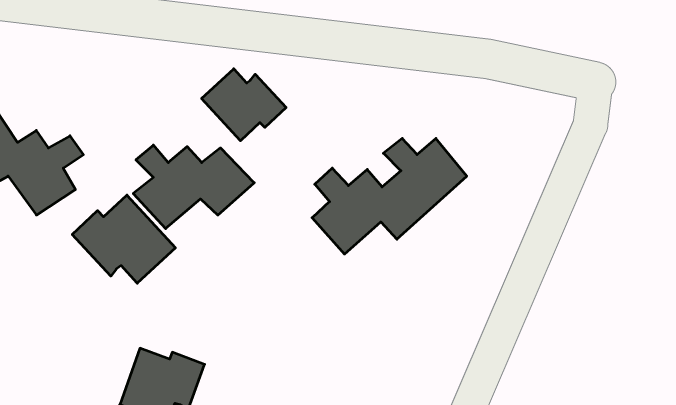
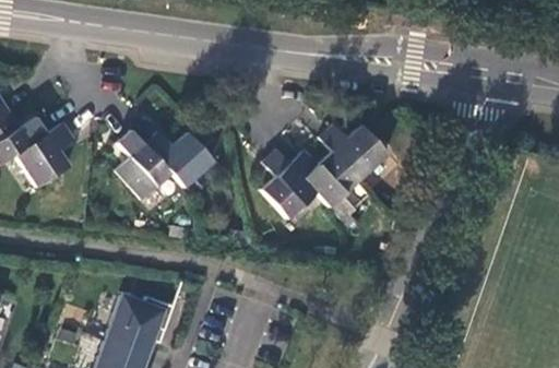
building: [202,69,286,141] -> none
building: [72,195,175,283] -> none

